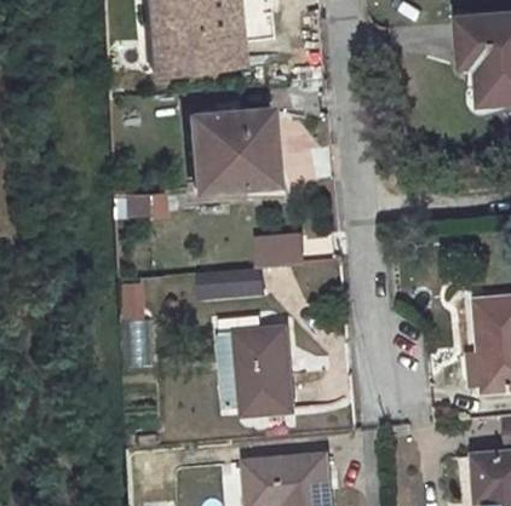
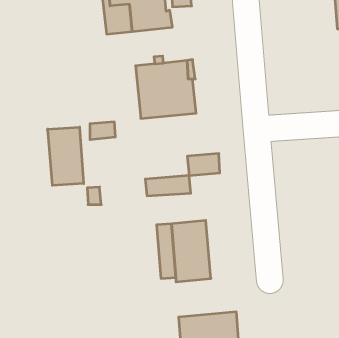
building: none -> [48,127,84,185]

